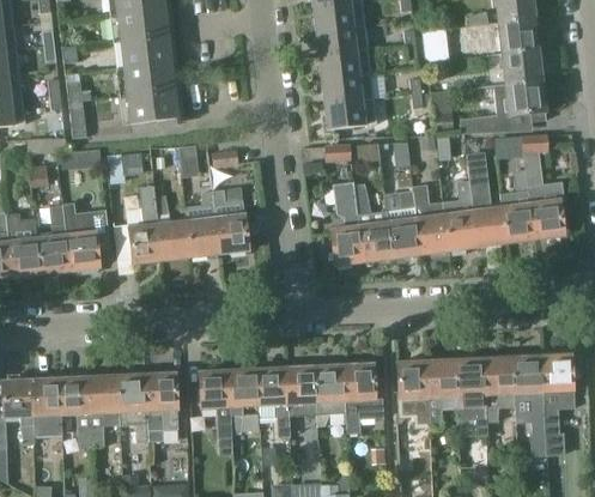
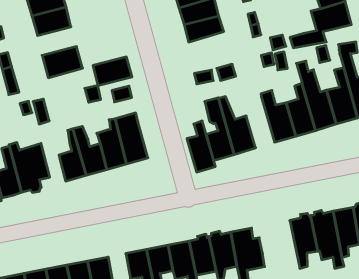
building: [122,59,172,91] -> [93,57,132,86]
building: [323,96,376,129] -> none
building: [385,190,418,257] -> [187,121,215,172]
building: [395,362,426,428] -> none

